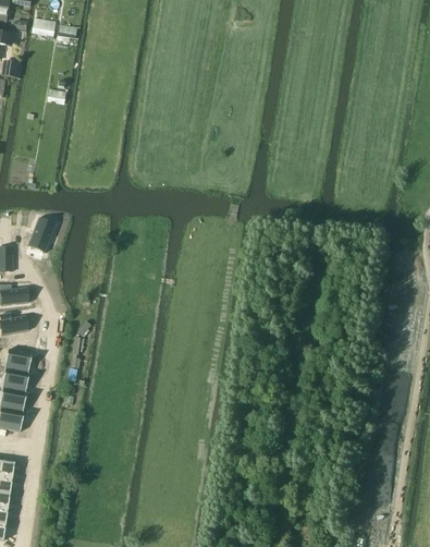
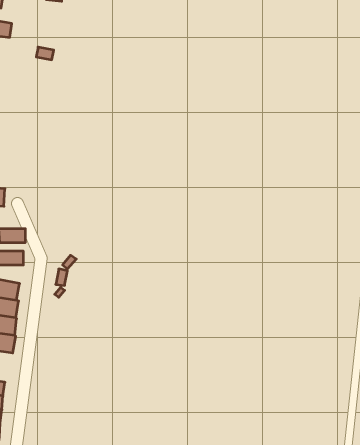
building: [28,217,57,252] -> none

